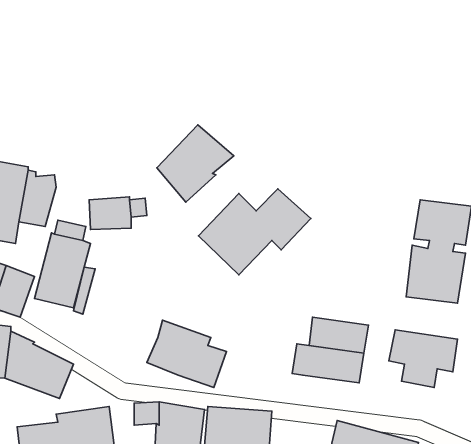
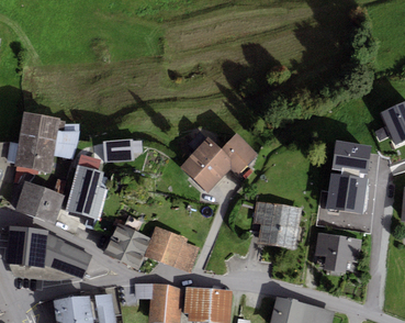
building: [157,125,234,202] -> none
building: none -> [102,223,150,269]
building: [292,344,364,383] -> [251,201,302,229]

